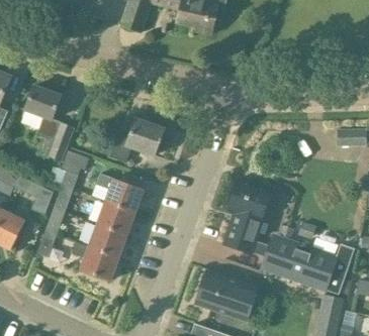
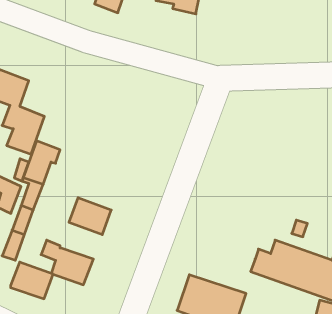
building: [110,118,164,162] -> none
building: [97,173,144,212] -> none
building: [225,179,284,256] -> none
building: [89,223,127,256] -> [11,262,53,299]

